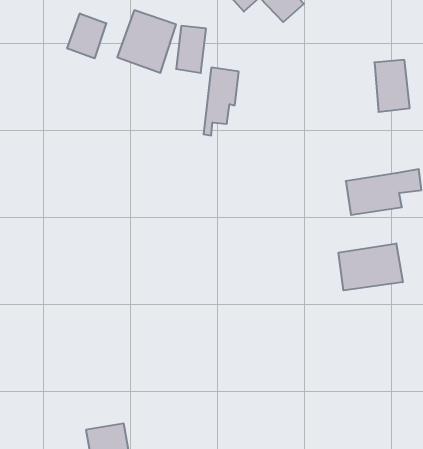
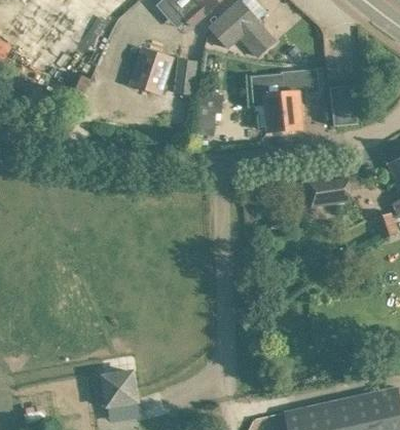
building: [67,13,106,58] -> none
building: none -> [252,70,319,131]
building: [338,243,403,290] -> none

